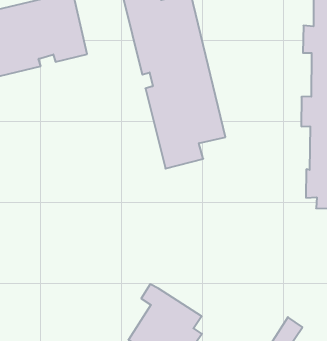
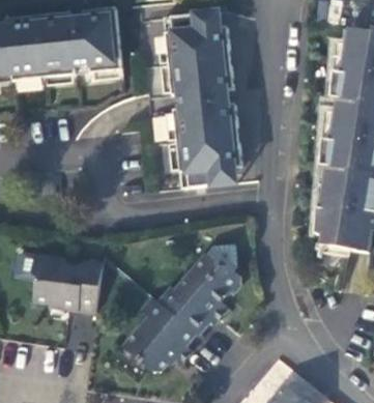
building: none -> [160,243,242,336]
building: none -> [31,254,102,314]

